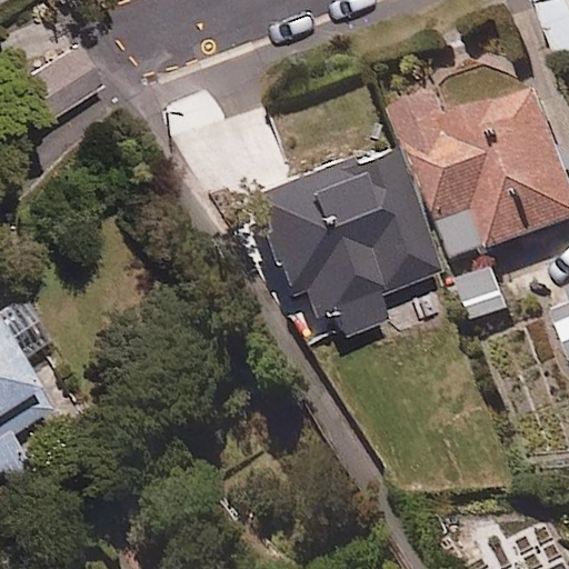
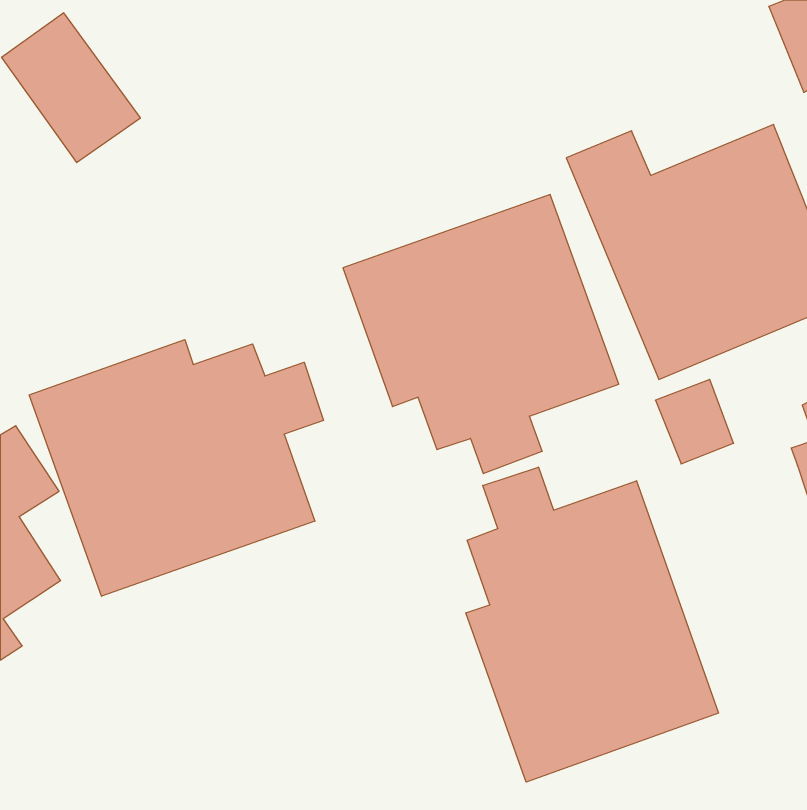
building: none -> [29,340,324,596]
building: none -> [466,467,718,782]

